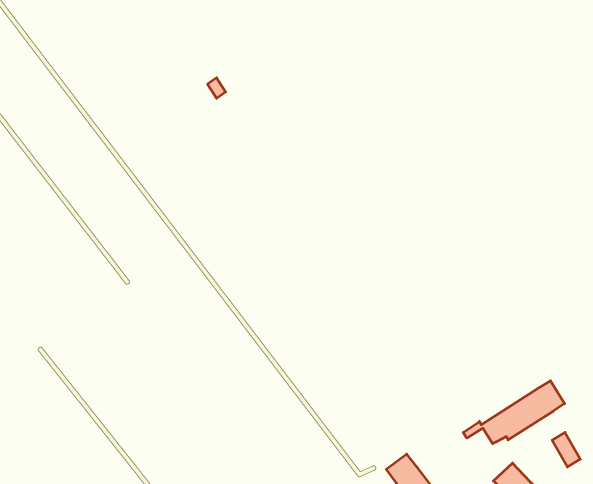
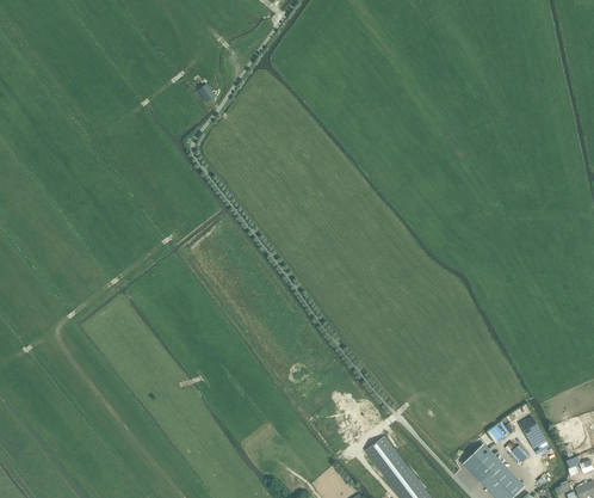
building: [463,381,565,444] -> none

